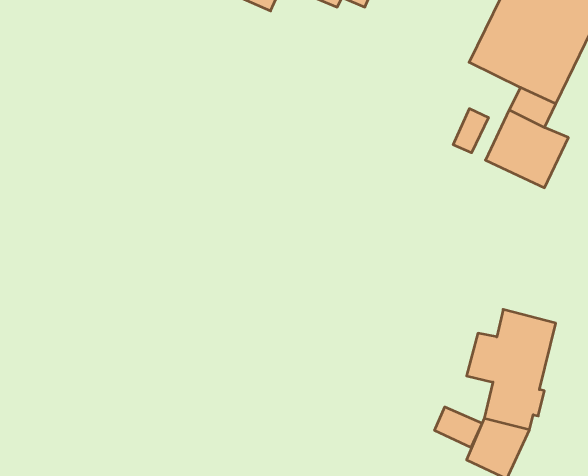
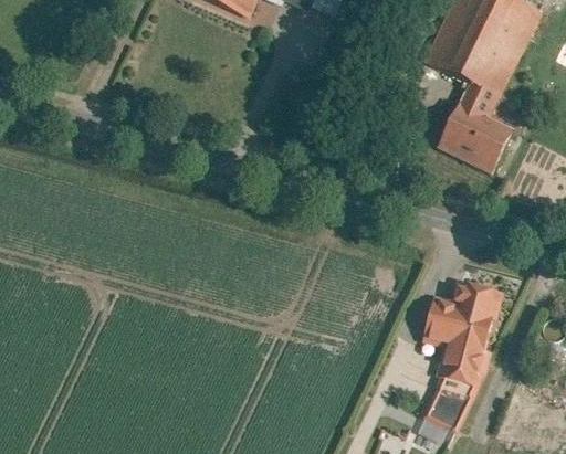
building: [453,109,488,153] -> none
building: [435,407,482,448] -> none

